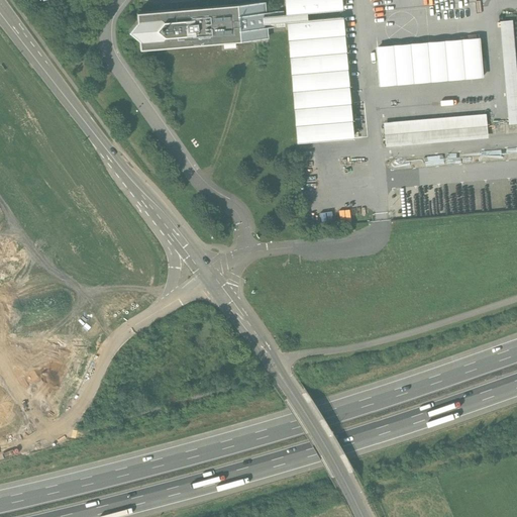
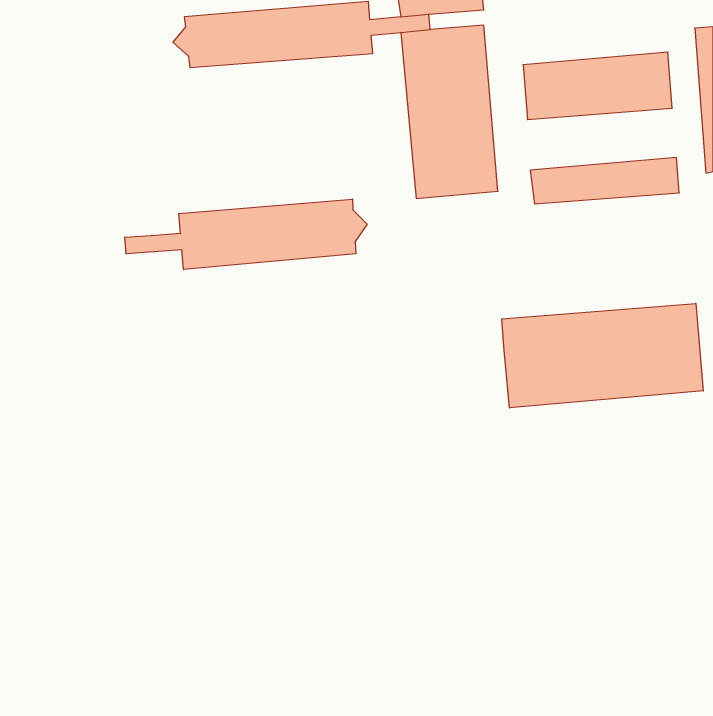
building: none -> [125,199,367,270]
building: none -> [502,303,703,408]

